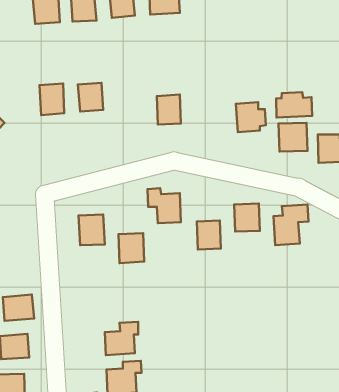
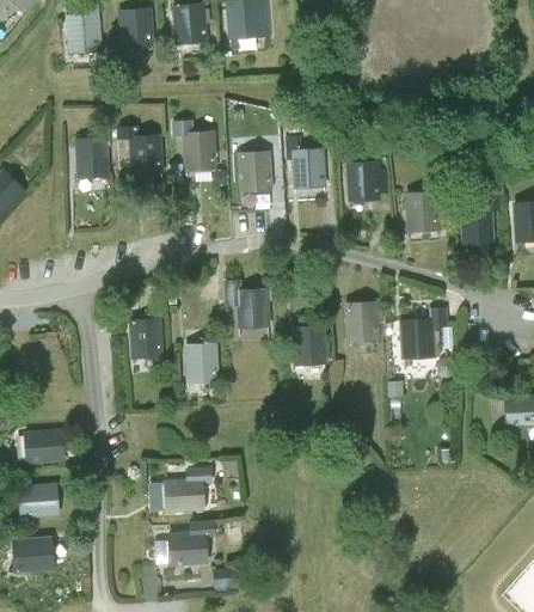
building: none -> [182,129,216,170]
building: none -> [284,134,326,188]
building: [276,92,312,117] -> none

